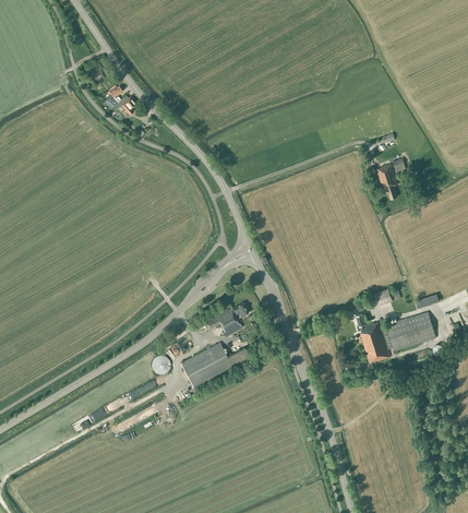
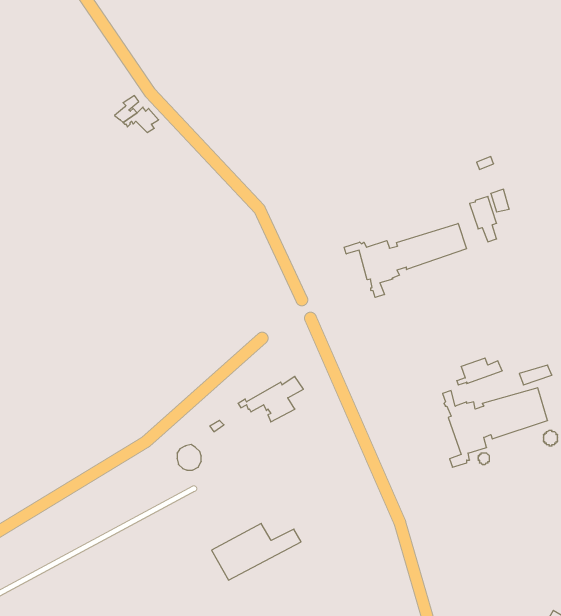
building: none -> [344,223,466,297]
building: [181,343,250,386] -> [212,523,301,580]

